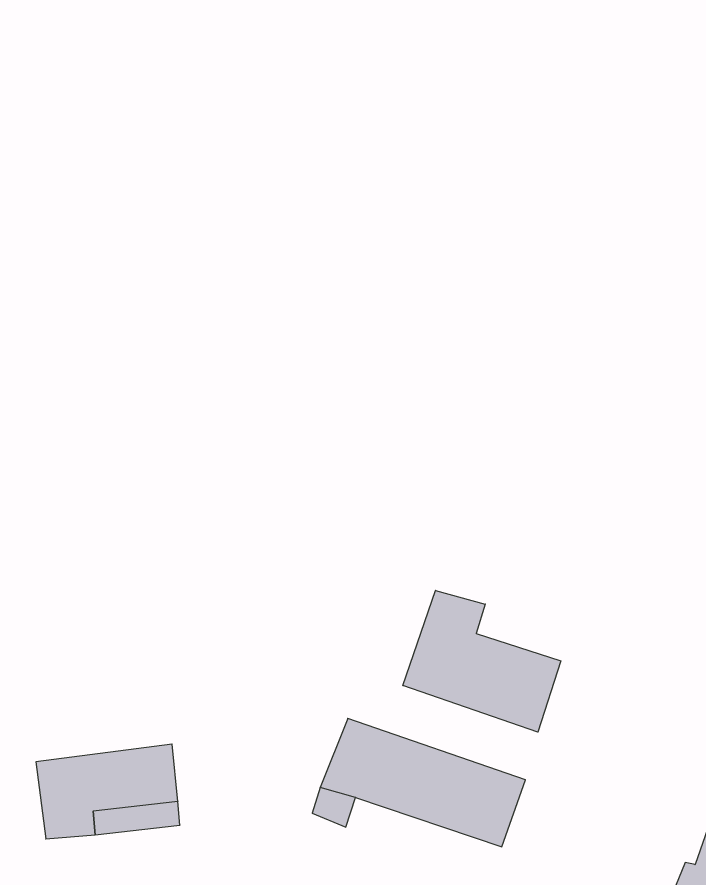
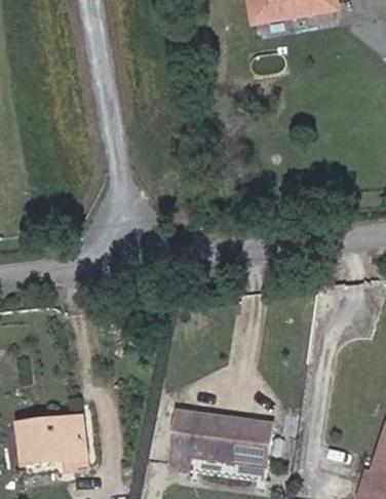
building: [403,590,561,732] -> none

